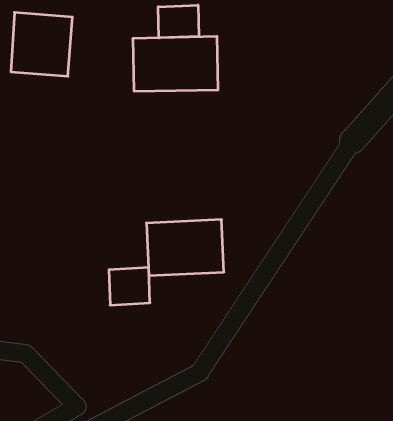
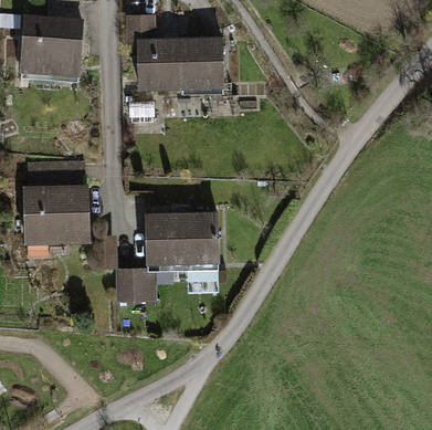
building: [158,5,199,38] -> none
building: none -> [29,165,96,250]

